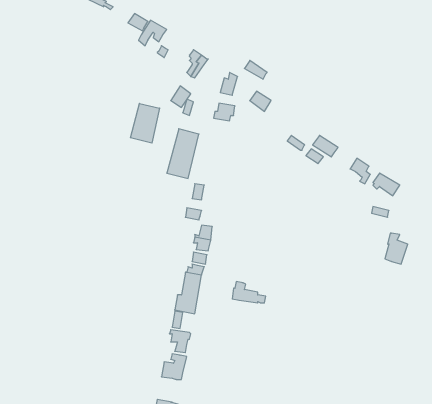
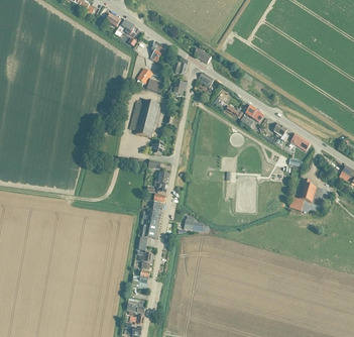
building: [130,103,160,143] -> none

